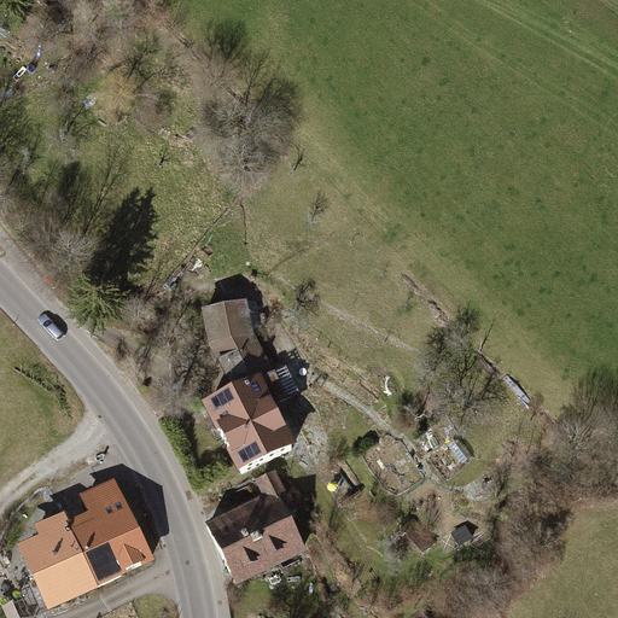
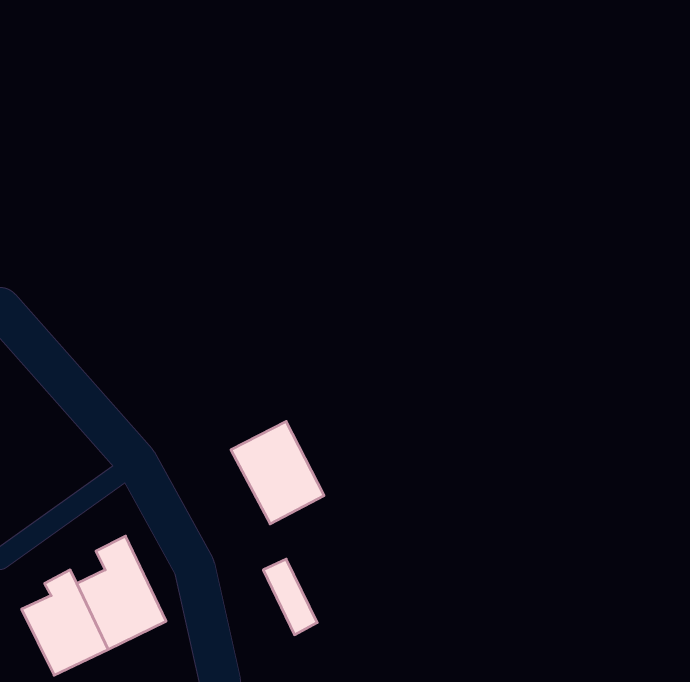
building: [212,297,260,374] -> none
building: [256,468,302,556] -> none
building: [214,509,263,577] -> none

